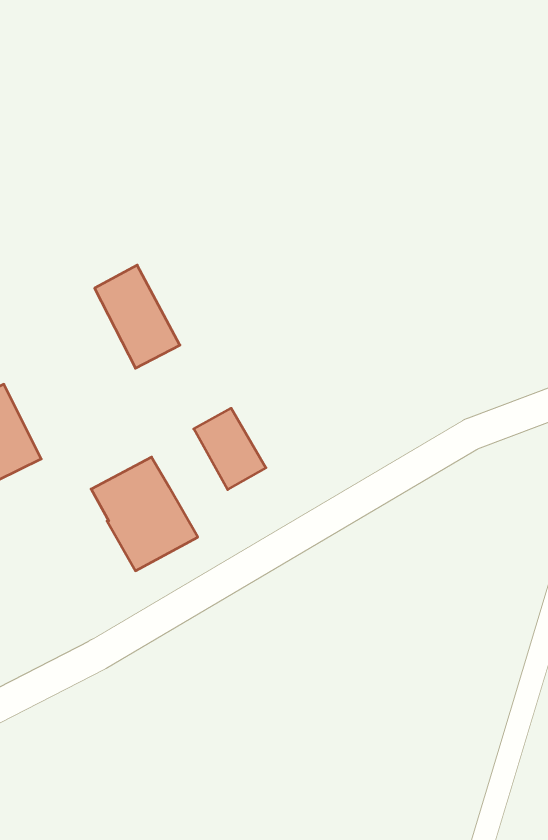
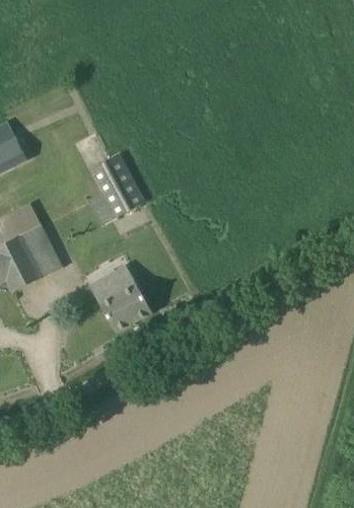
building: [194,408,266,490] -> none

